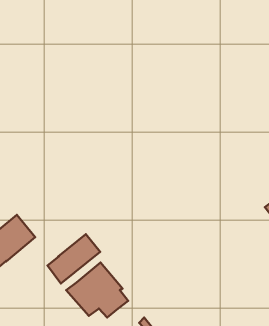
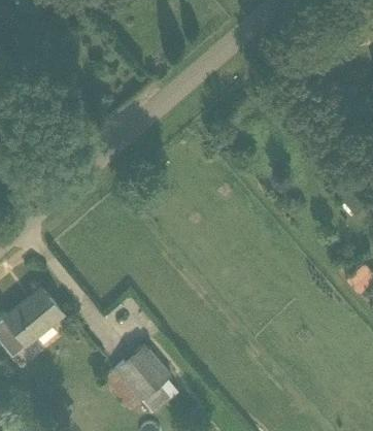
building: [47,234,100,284] -> none

